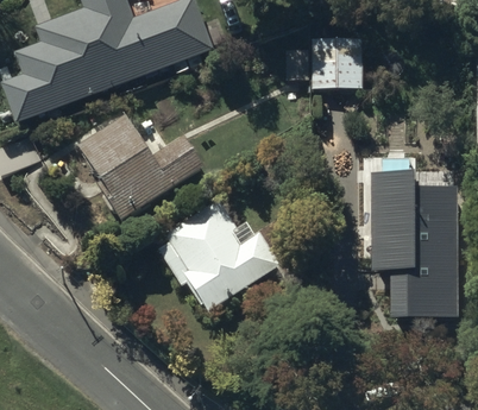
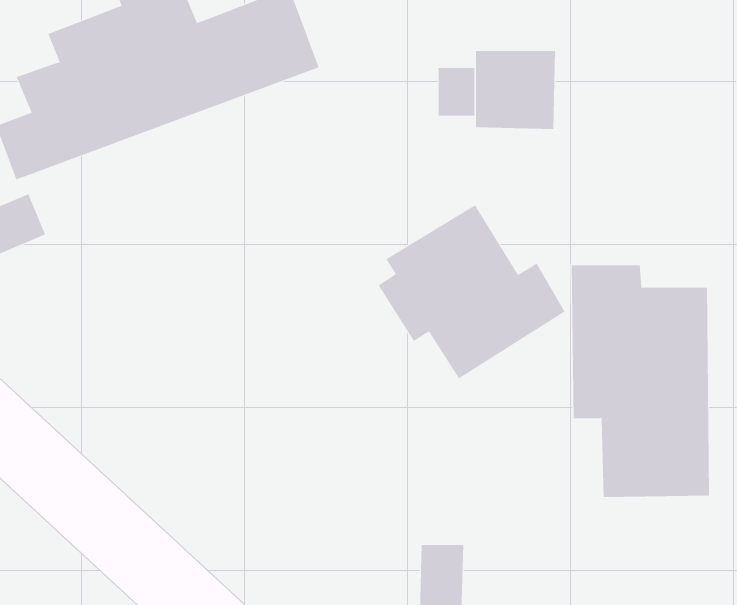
building: [76,114,203,217] -> none
building: [159,198,278,309] -> [378,205,565,379]

